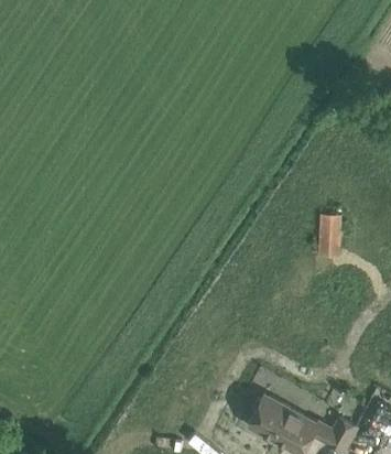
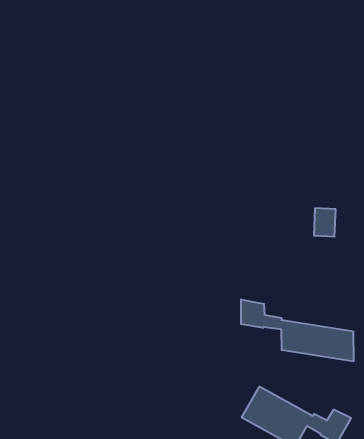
building: none -> [241,299,353,361]

